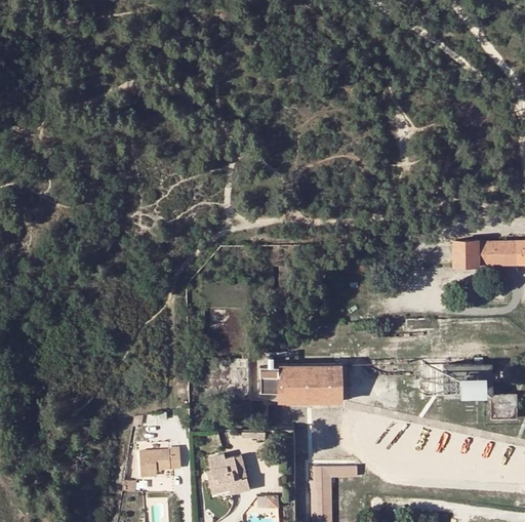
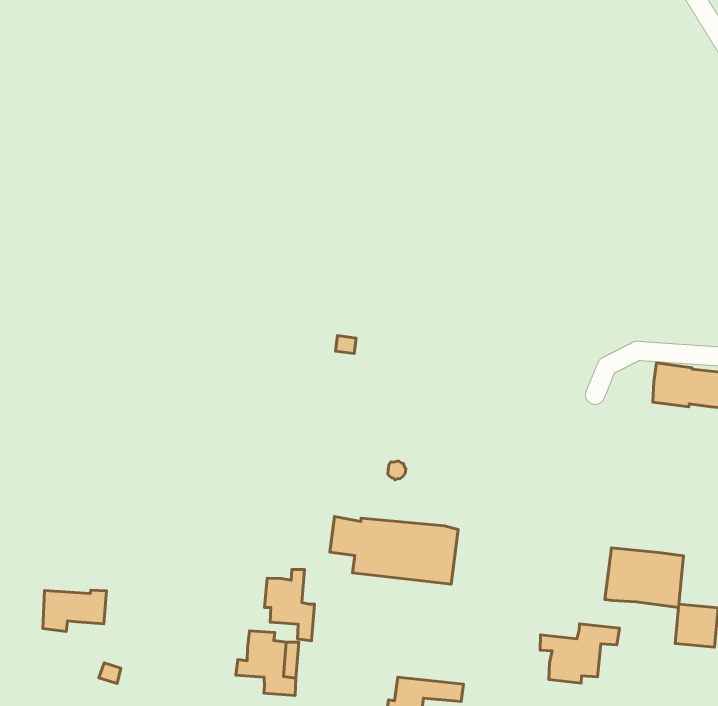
building: none -> [265,569,314,641]
building: none -> [540,624,620,683]
building: [138,448,179,478] -> [43,590,106,632]

